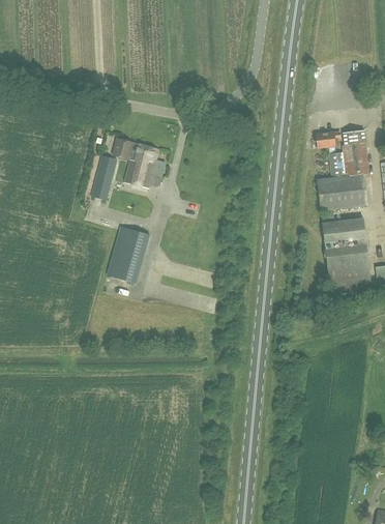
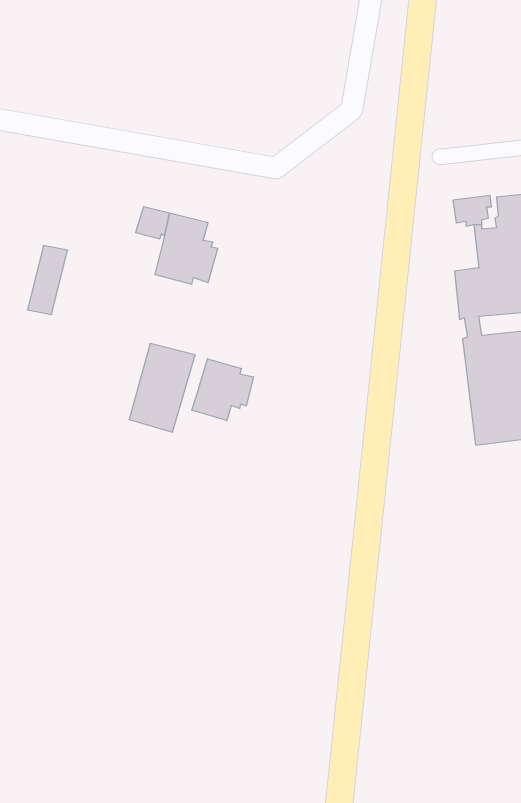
building: [91,154,117,199] -> [27,245,68,315]
building: none -> [192,359,254,421]

